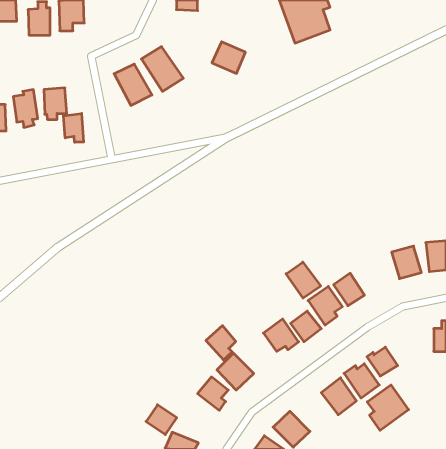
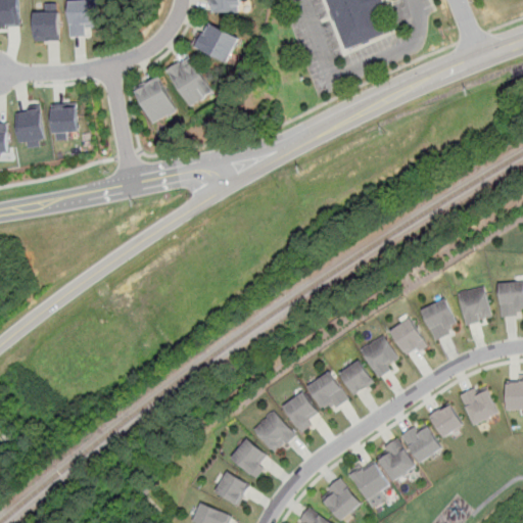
building: [212,42,245,73] -> [197,26,236,62]
building: [63,113,84,142] -> none
building: none -> [419,299,457,339]
building: [286,262,321,298] -> none
building: [206,326,236,360] -> [283,391,318,431]
building: none -> [458,386,497,426]
building: [367,385,409,430] -> none
building: none -> [348,459,388,501]
building: [146,405,177,435] -> [213,470,249,505]

